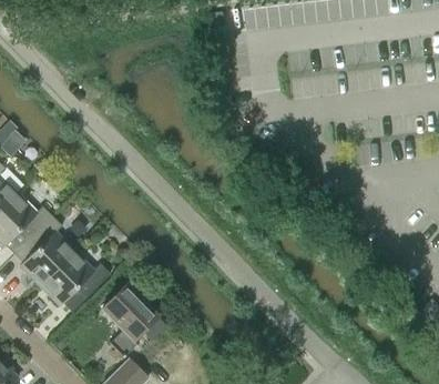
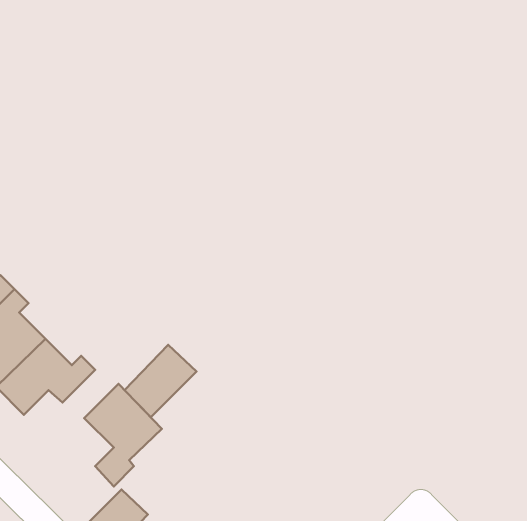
building: none -> [124,345,196,417]

